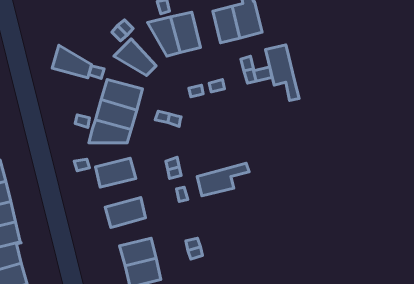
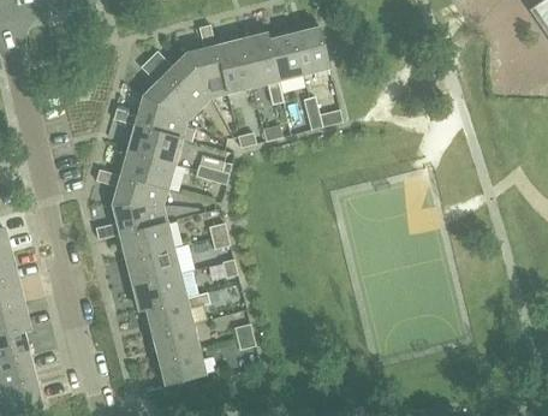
building: none -> [166,54,210,108]
building: [266,45,299,101] -> [242,35,284,105]
building: [52,45,92,78] -> [136,96,185,137]
building: none -> [113,204,165,234]
building: [197,163,249,196] -> [145,292,210,333]
building: none -> [127,249,178,285]

